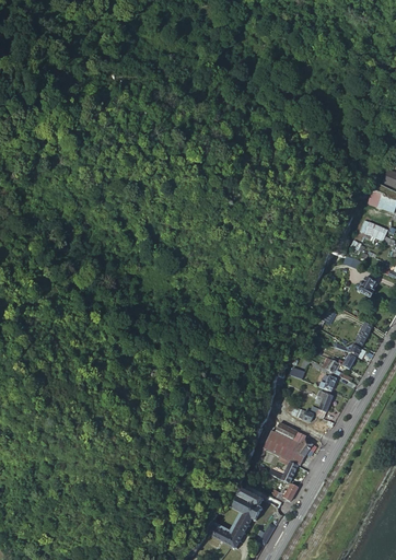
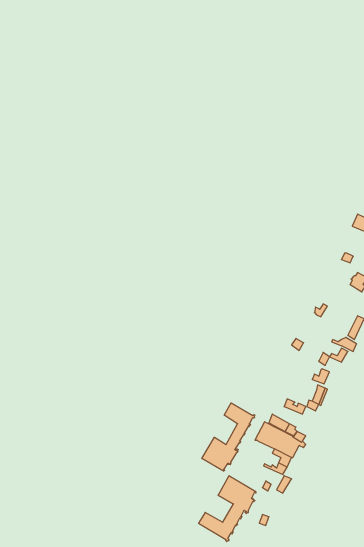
building: none -> [202,403,255,471]

